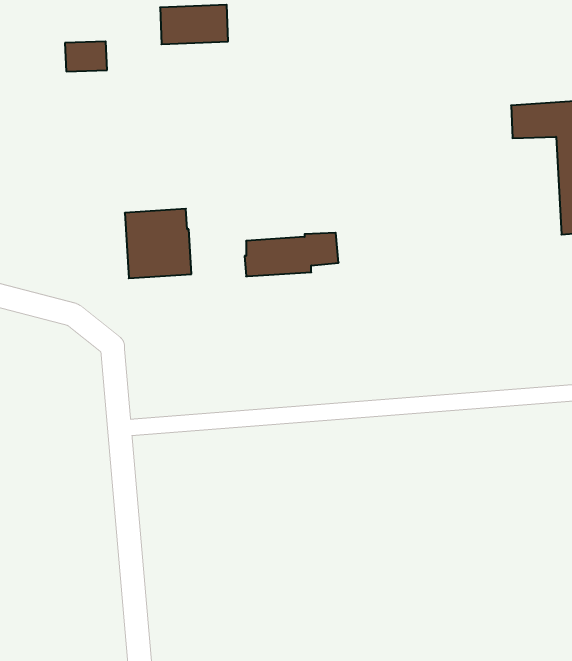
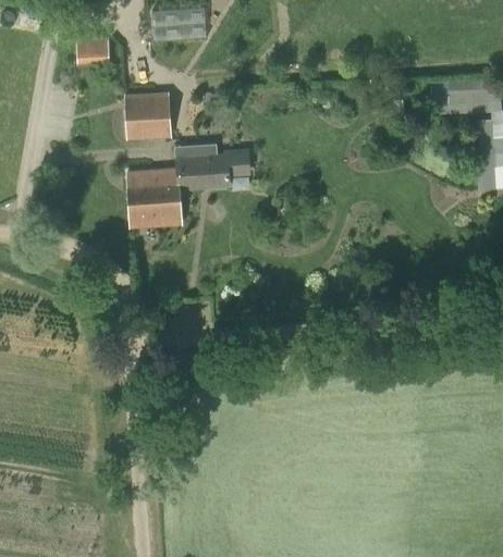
building: none -> [125,92,171,140]
building: [245,233,339,276] -> [176,151,252,186]

